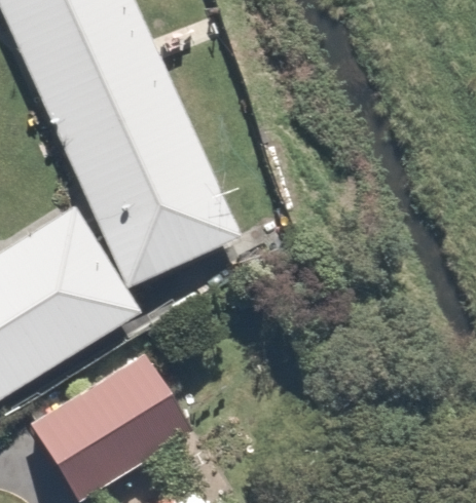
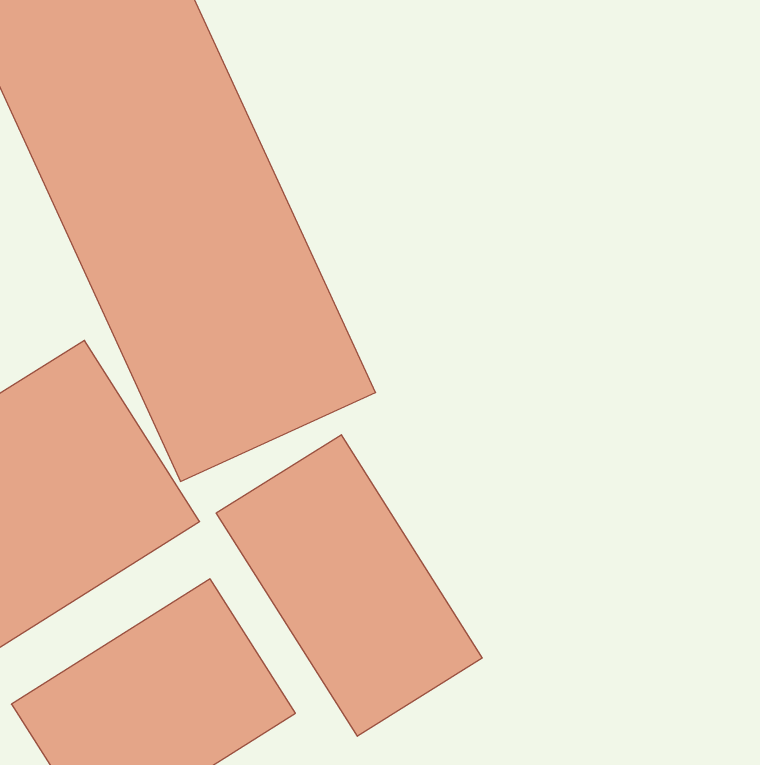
building: none -> [216,435,482,736]

